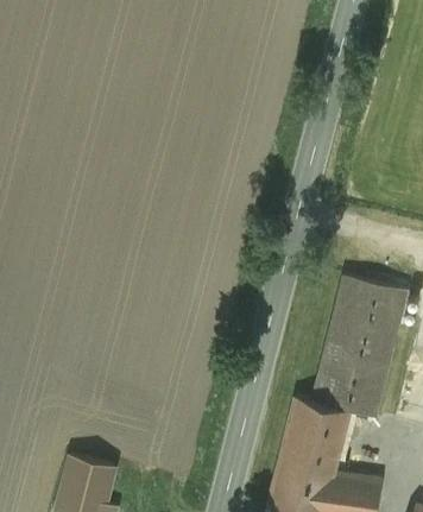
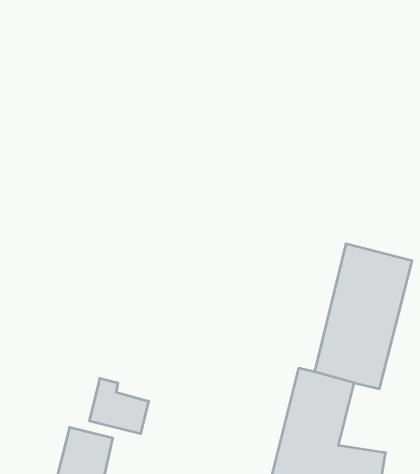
building: none -> [90,378,149,434]

